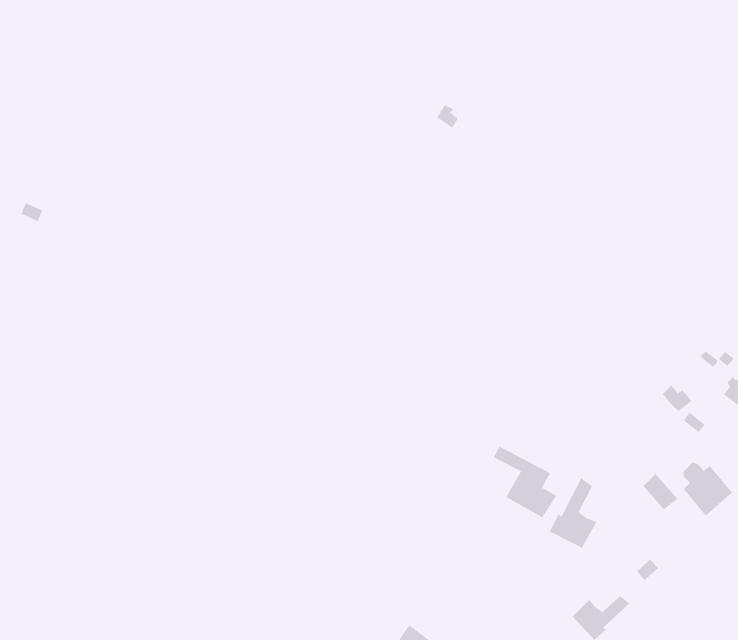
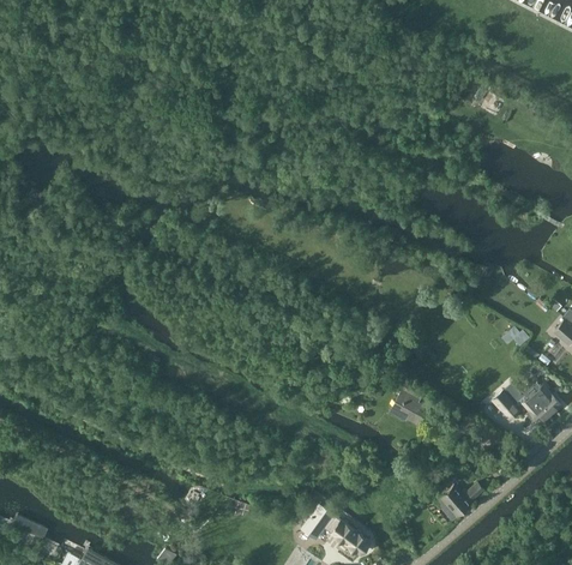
building: [549,478,597,549] -> none

